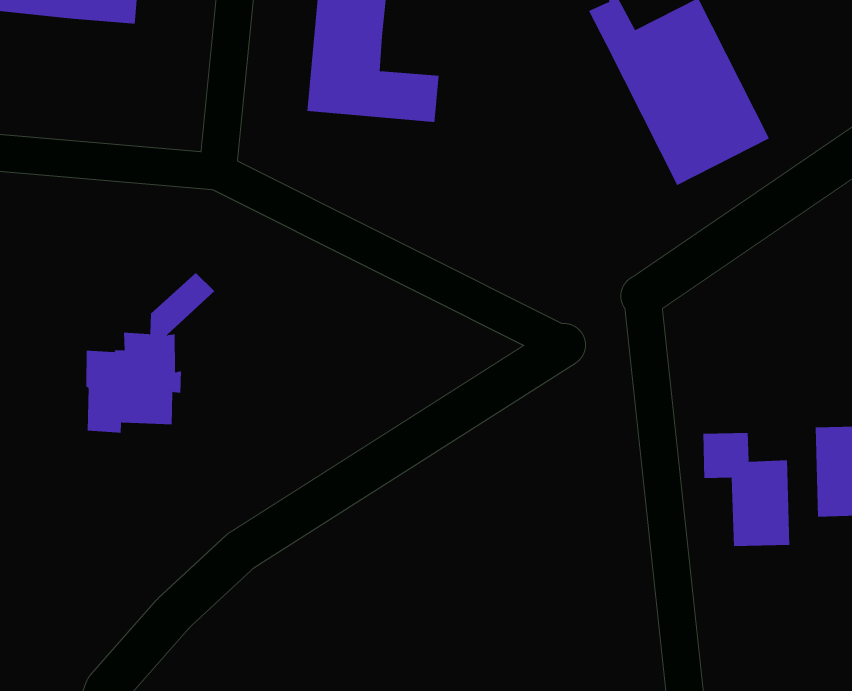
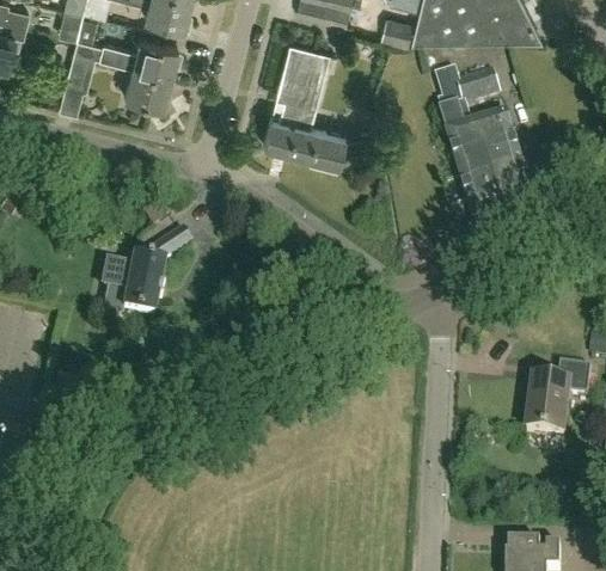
building: none -> [123,68,170,108]
building: [703,432,790,547] -> none

